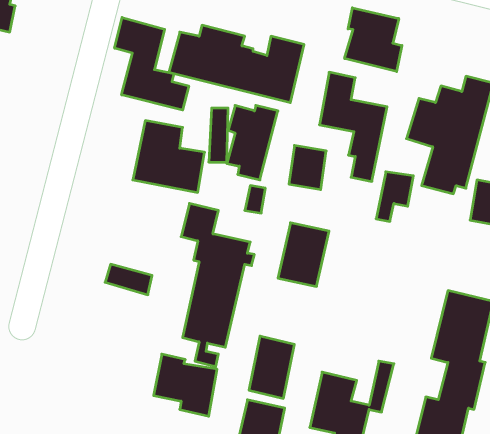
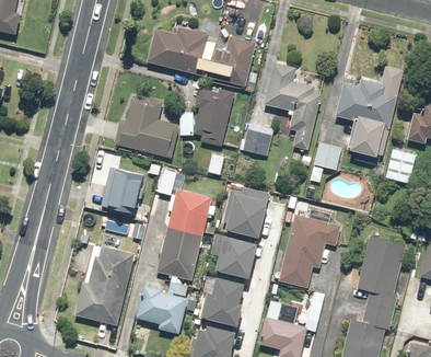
building: [345,8,402,72] -> none
building: [115,17,189,110] -> none
building: none -> [97,166,148,219]
building: none -> [279,206,336,286]
building: none -> [223,233,263,274]
building: none -> [73,247,130,325]

